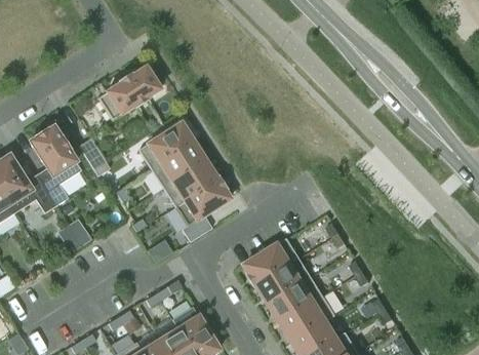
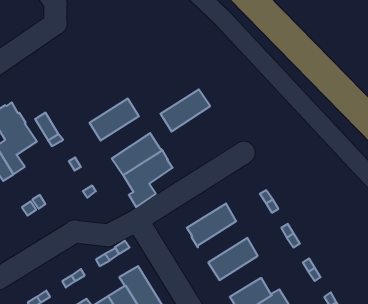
building: [96,68,158,120] -> none
building: [150,143,204,189] -> [160,89,210,132]
building: [256,258,311,303] -> none
building: [280,295,334,341] -> none

